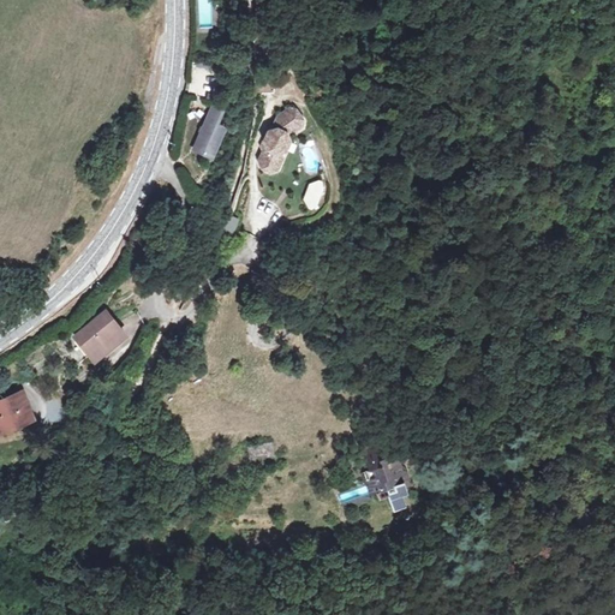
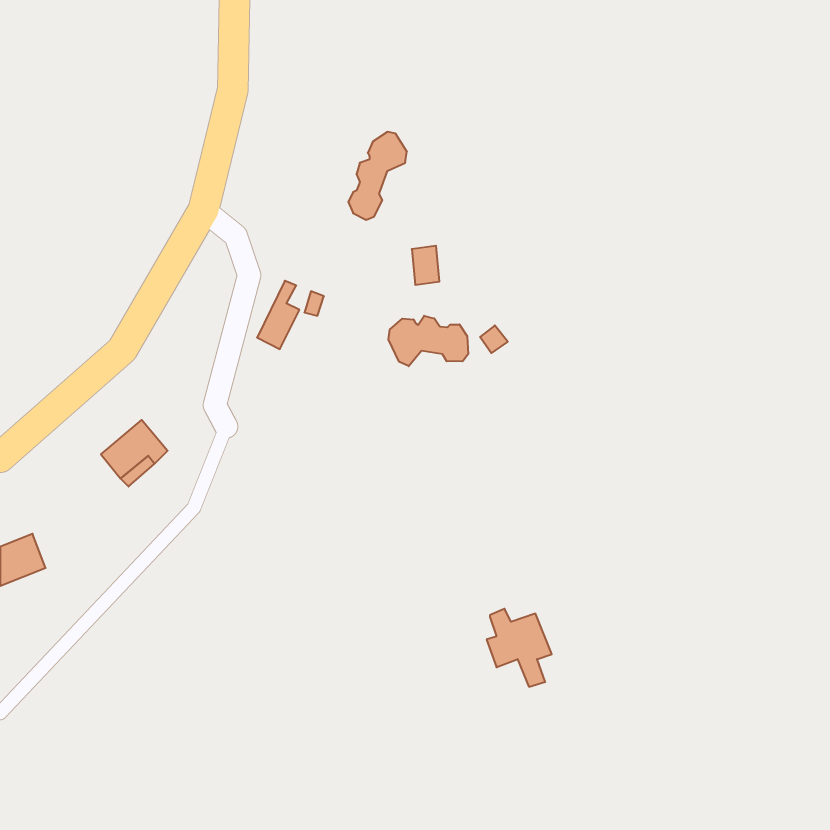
building: [187,117,219,167] -> [257,281,299,349]
building: none -> [388,316,468,366]

